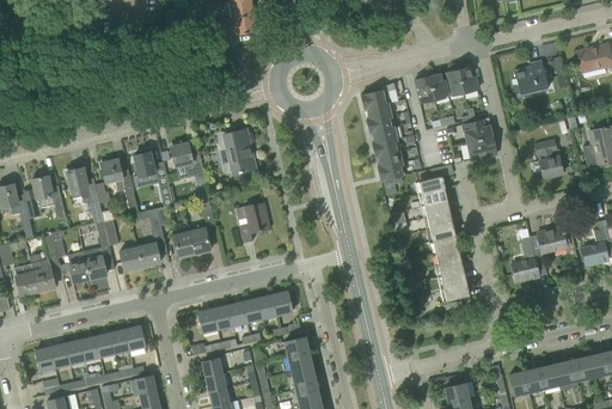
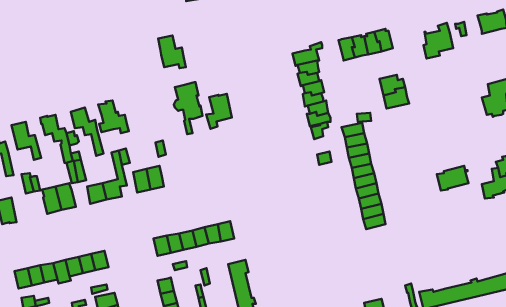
building: [531,140,563,177] -> none
building: [172,142,204,181] -> [158,35,186,68]
building: [240,201,270,242] -> [206,94,232,129]
building: [513,254,546,281] -> none
building: [32,260,56,292] -> none

